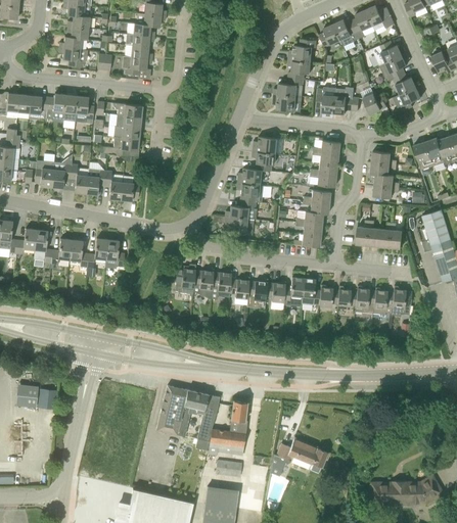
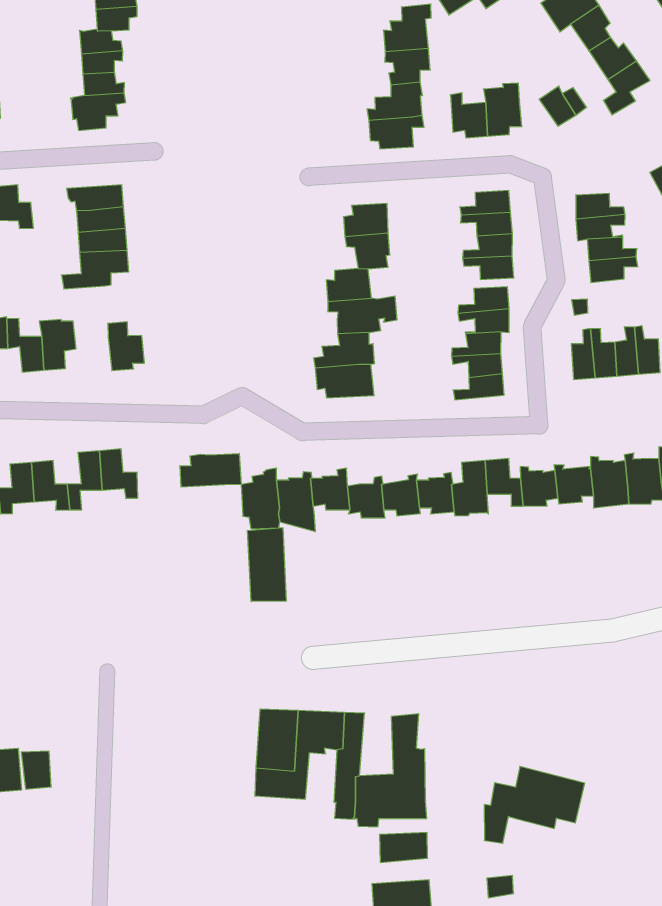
building: [104,172,123,200] -> none
building: none -> [180,453,241,487]
building: none -> [247,528,286,602]

